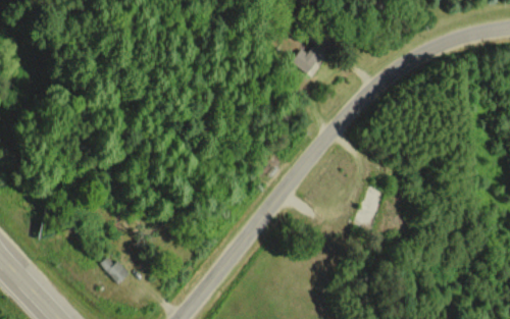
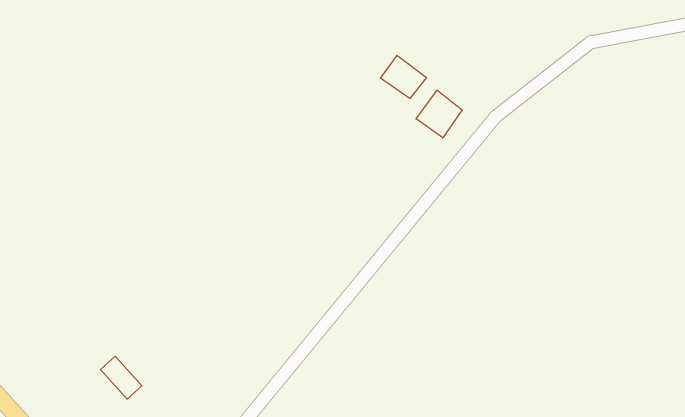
building: none -> [416,90,462,138]

